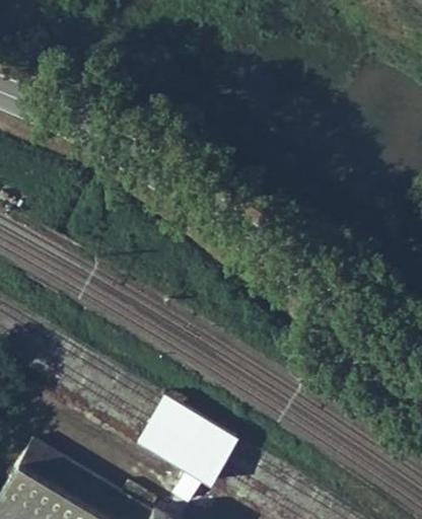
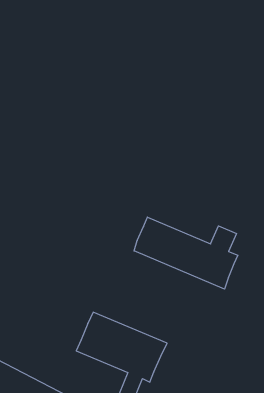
building: none -> [134,217,238,289]

